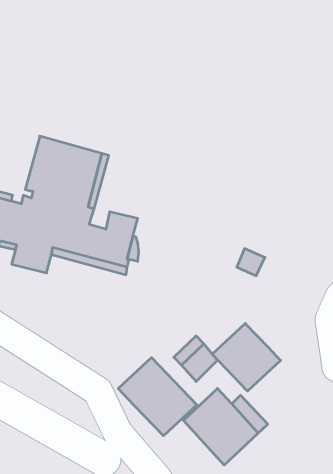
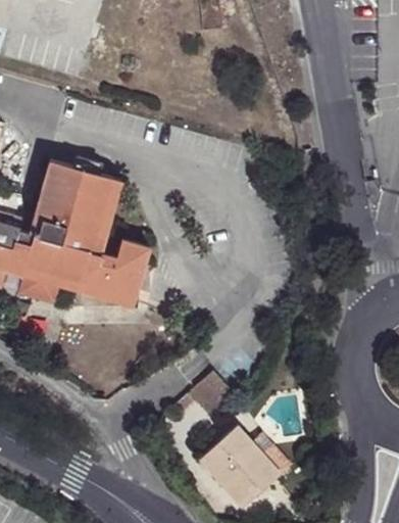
building: [212,323,281,391] -> none
building: [118,358,197,436] -> none

